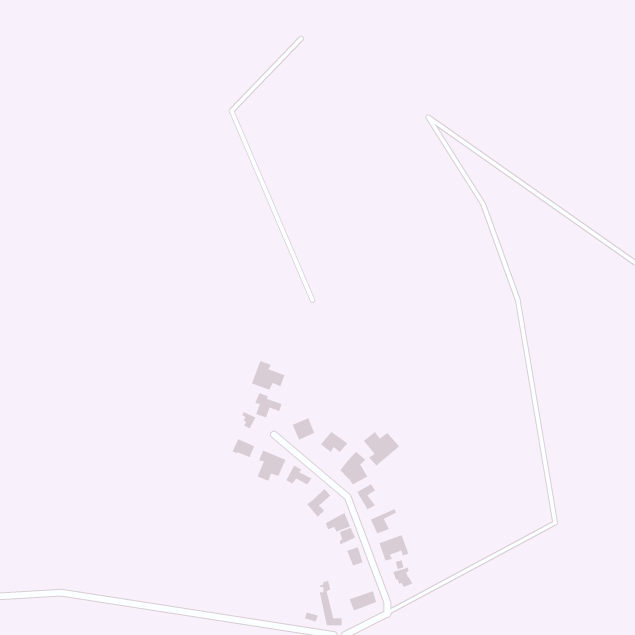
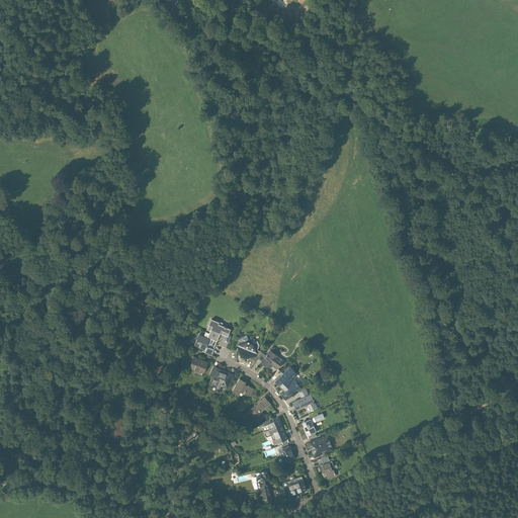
building: [251,360,286,391] -> none
building: [363,431,400,466] -> none

